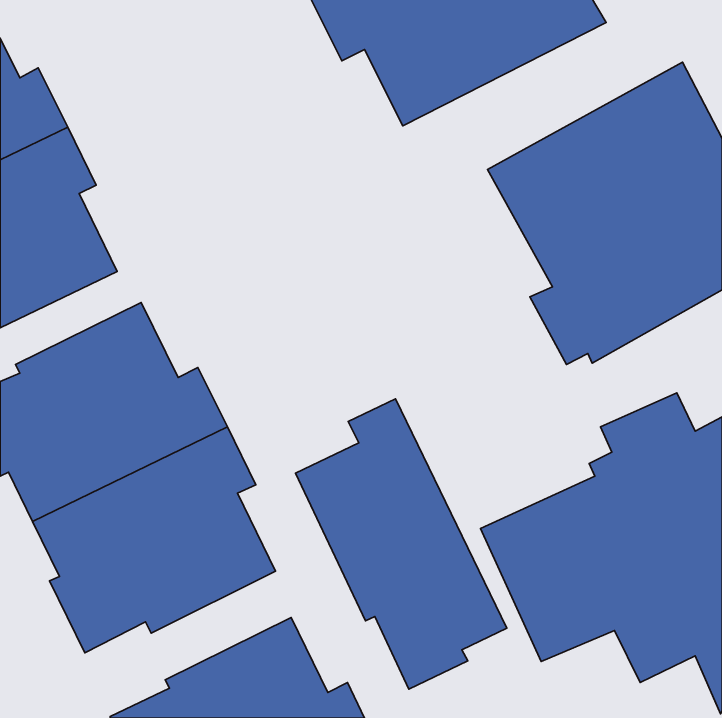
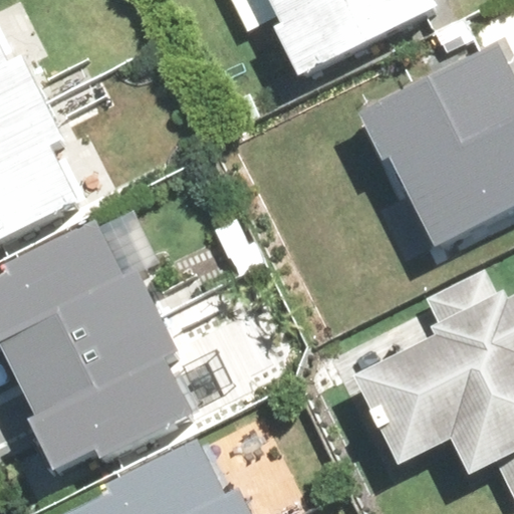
building: [295,399,507,689] -> none

